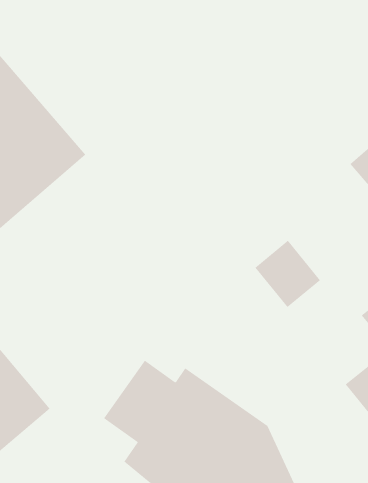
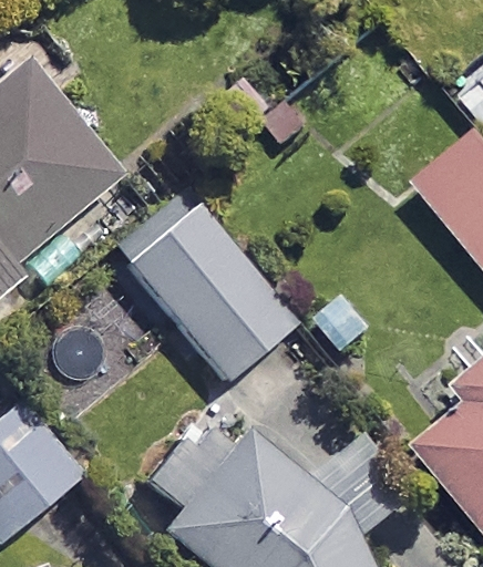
building: none -> [129,207,294,380]

